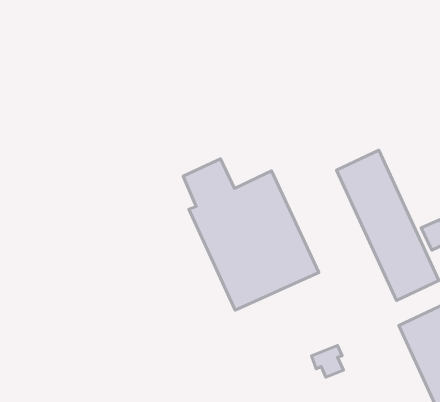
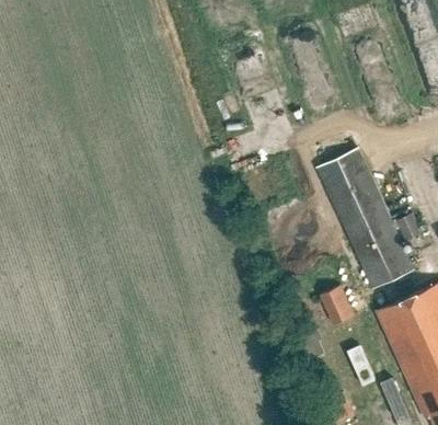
building: [183,159,319,310] -> none
building: none -> [311,286,356,325]

